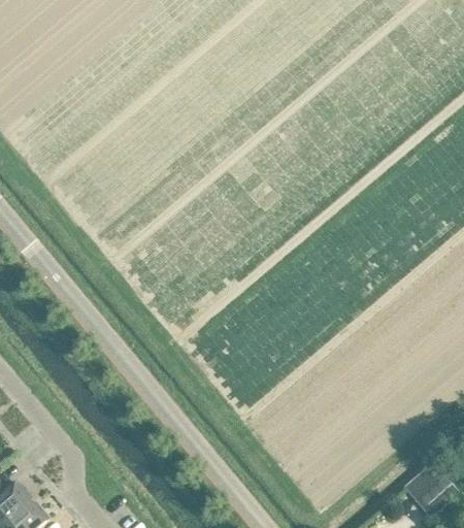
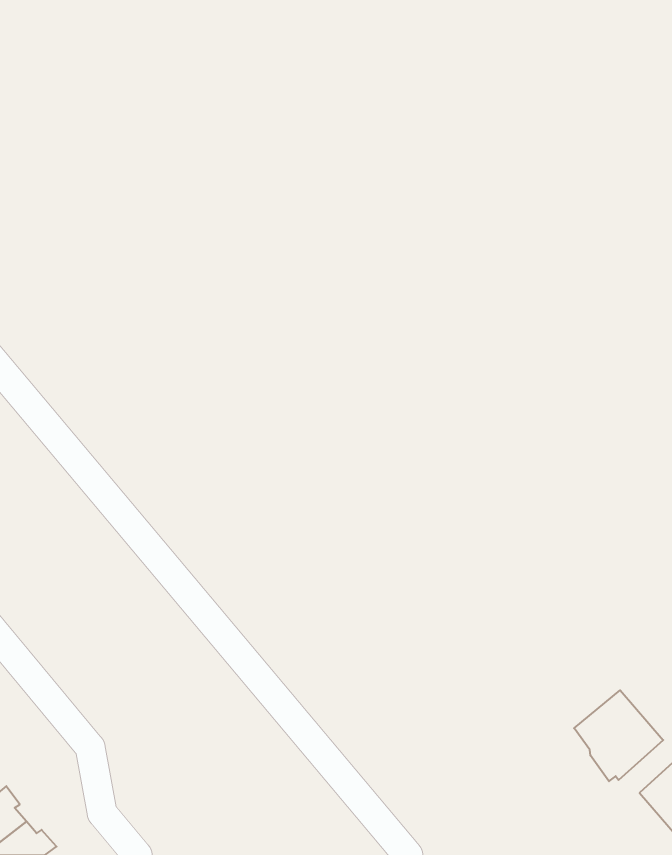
building: none -> [574,690,663,781]

